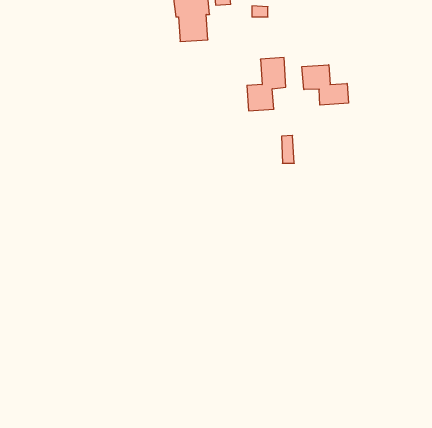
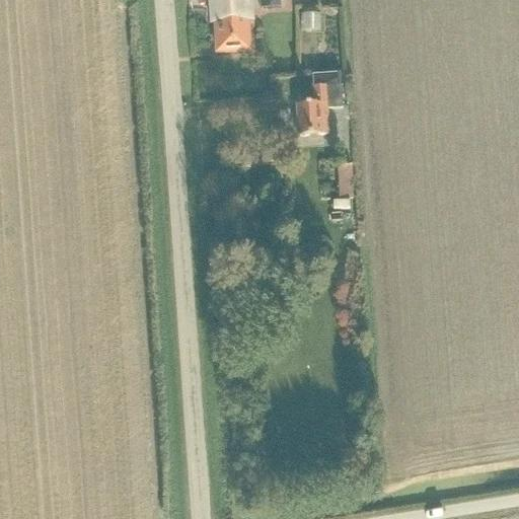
building: [302,65,348,105] -> none

